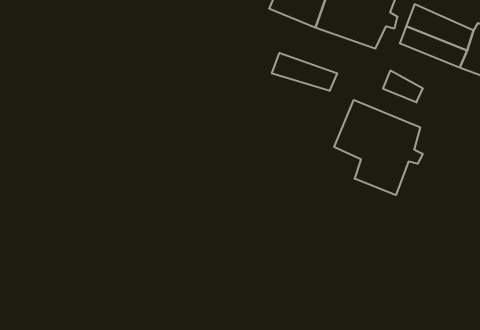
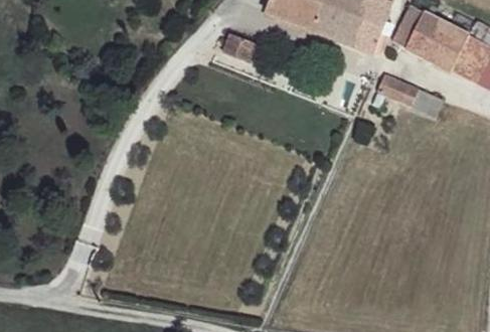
building: [272,53,337,91] -> none
building: [334,100,423,195] -> none

